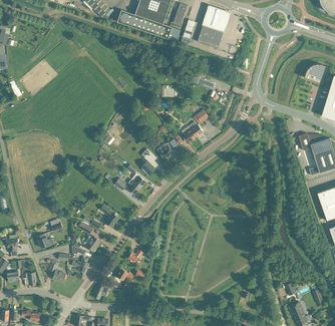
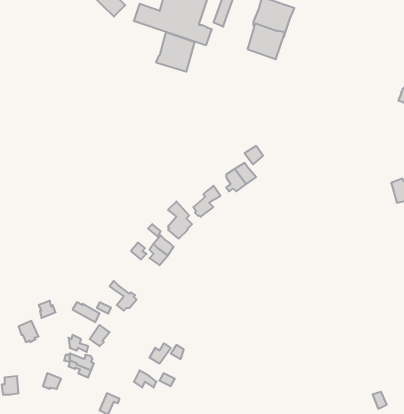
building: none -> [156,32,195,72]

